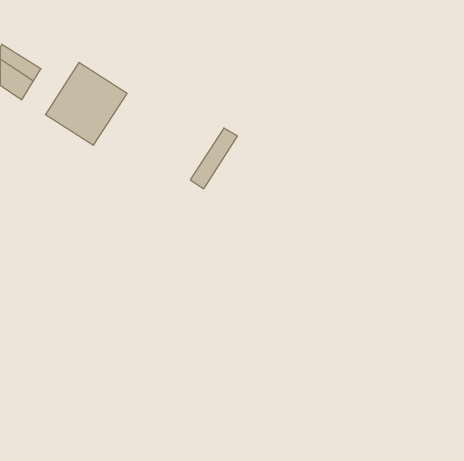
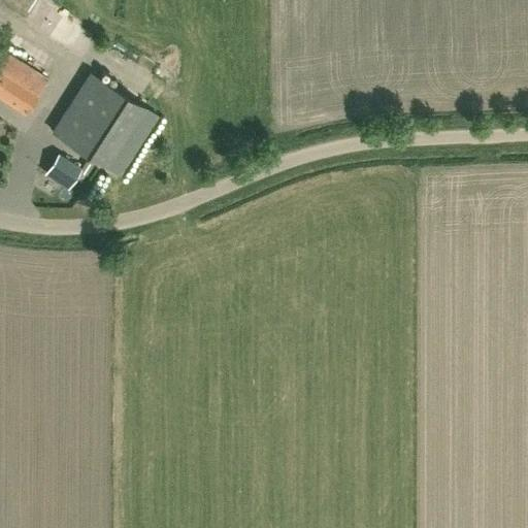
building: [190,128,237,189] -> [106,109,160,178]
building: none -> [46,158,79,189]

